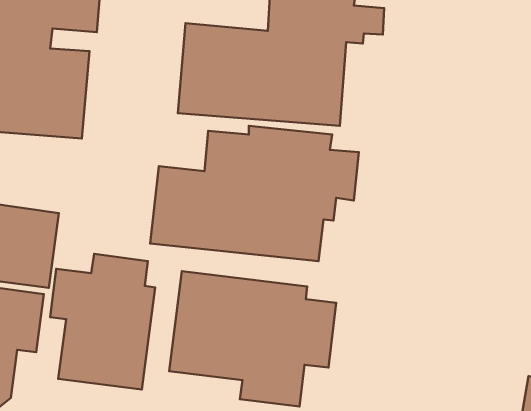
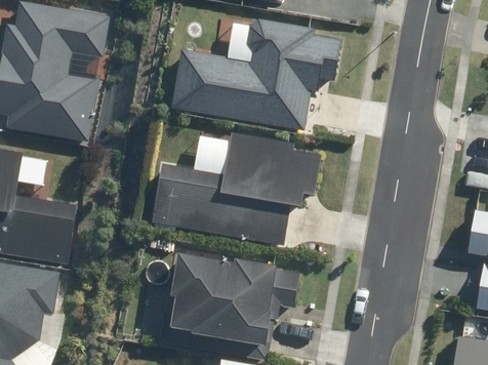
building: [50,254,155,389] -> none

